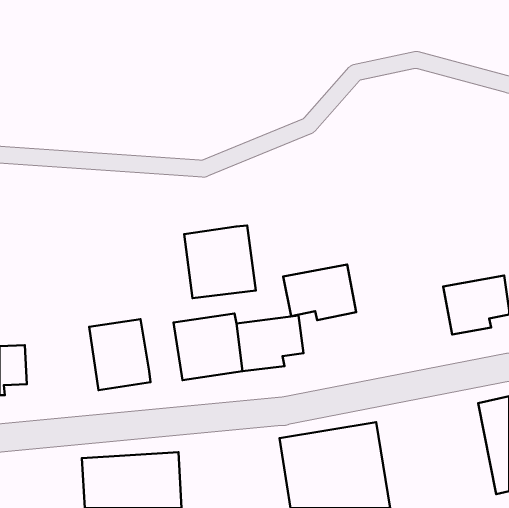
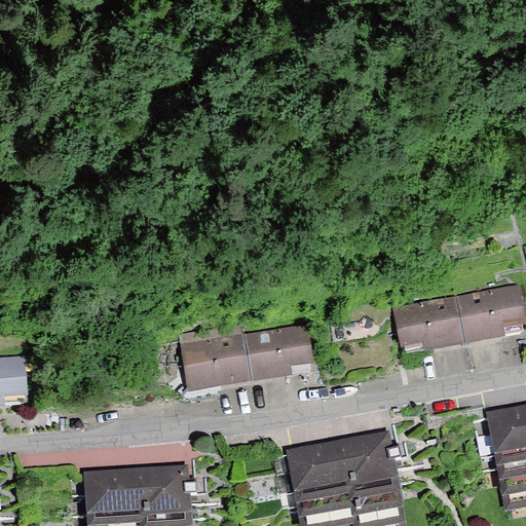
building: [184,225,256,298] -> none
building: [283,264,356,320] -> [390,295,465,352]
building: [89,319,150,390] -> none

